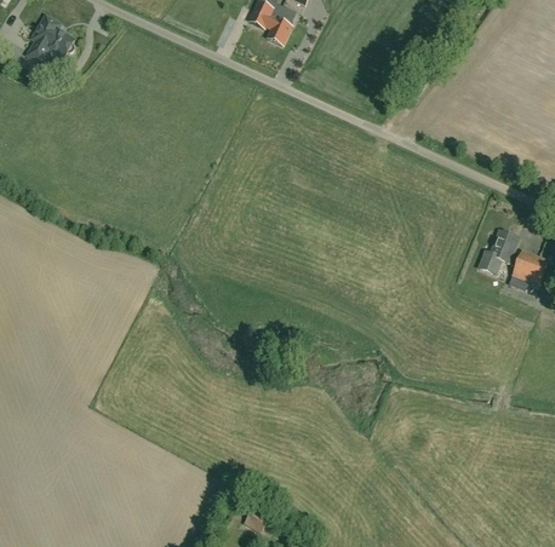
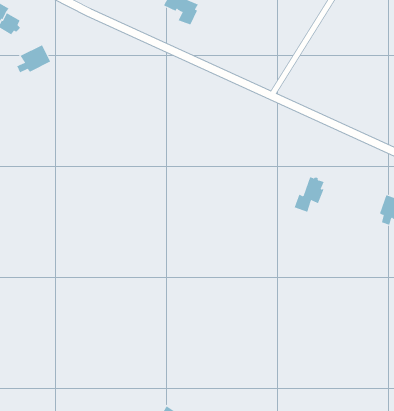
building: none -> [16,45,51,73]
building: [479,231,516,275] -> [294,177,325,213]

